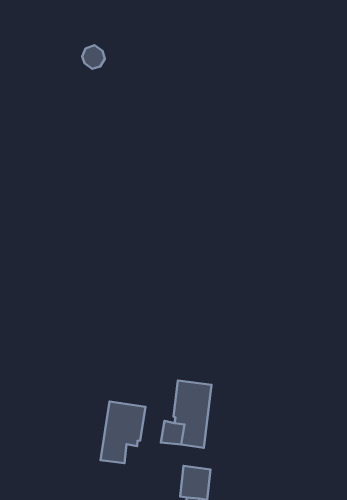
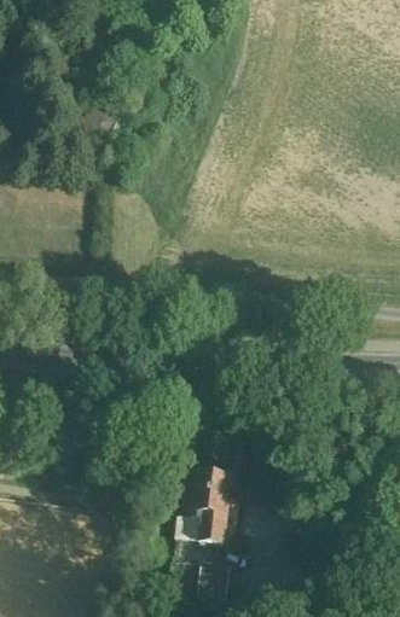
building: [100,402,145,463] -> none

